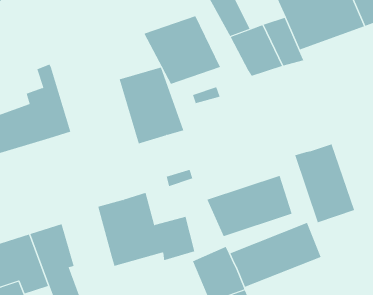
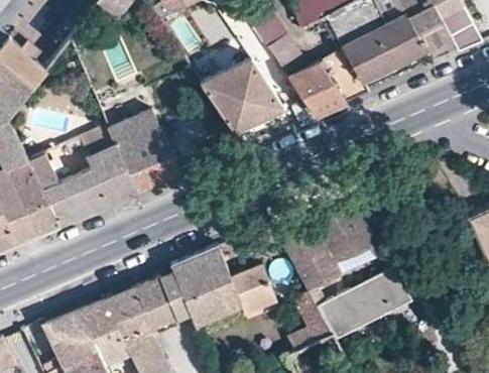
building: [119,67,184,144] -> [109,111,181,193]
building: [294,143,355,223] -> none
building: none -> [137,271,191,330]

